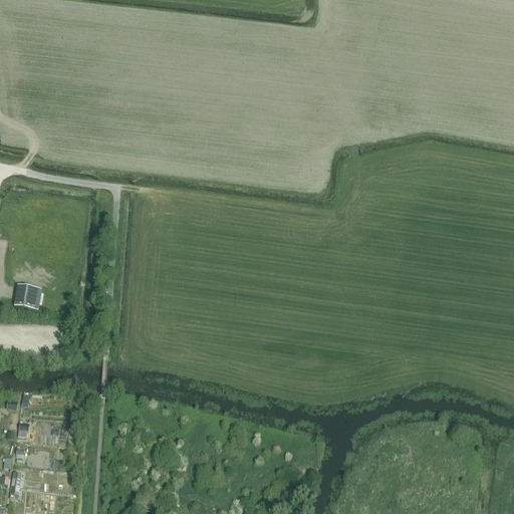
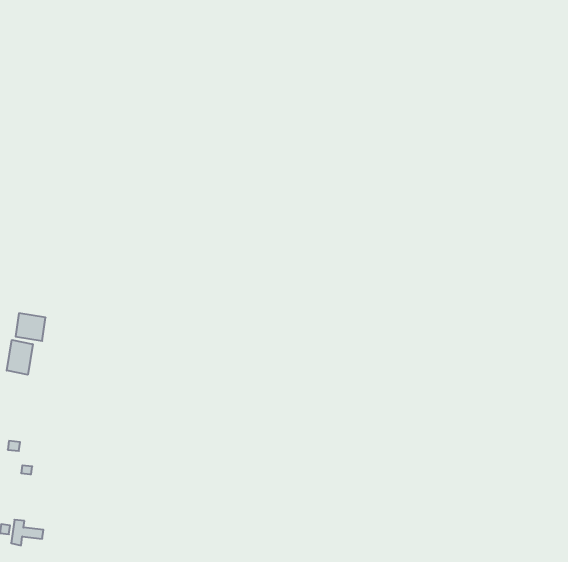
building: none -> [7,340,33,375]

